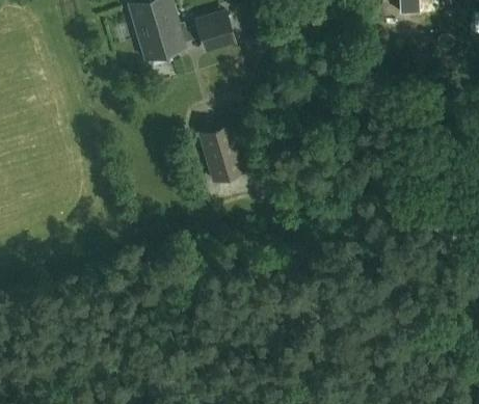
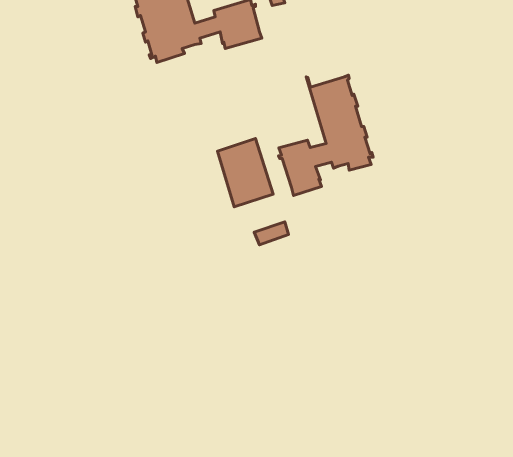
building: none -> [278,75,373,196]

